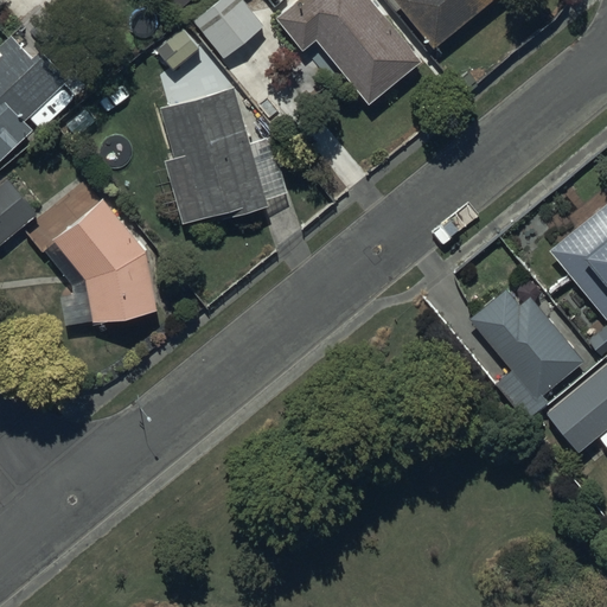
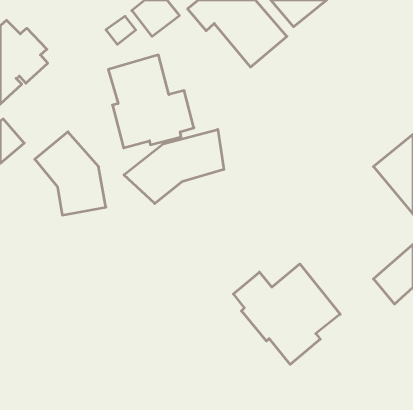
building: none -> [124,129,224,204]
building: [468,288,582,420] -> none
building: none -> [233,264,340,364]

